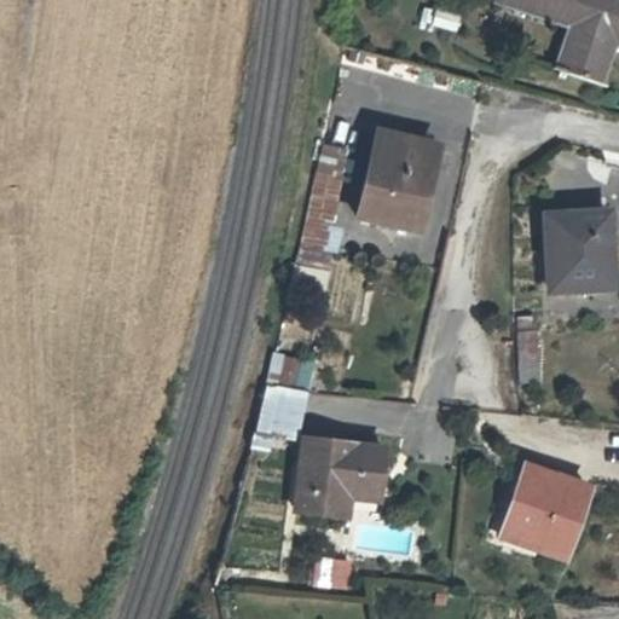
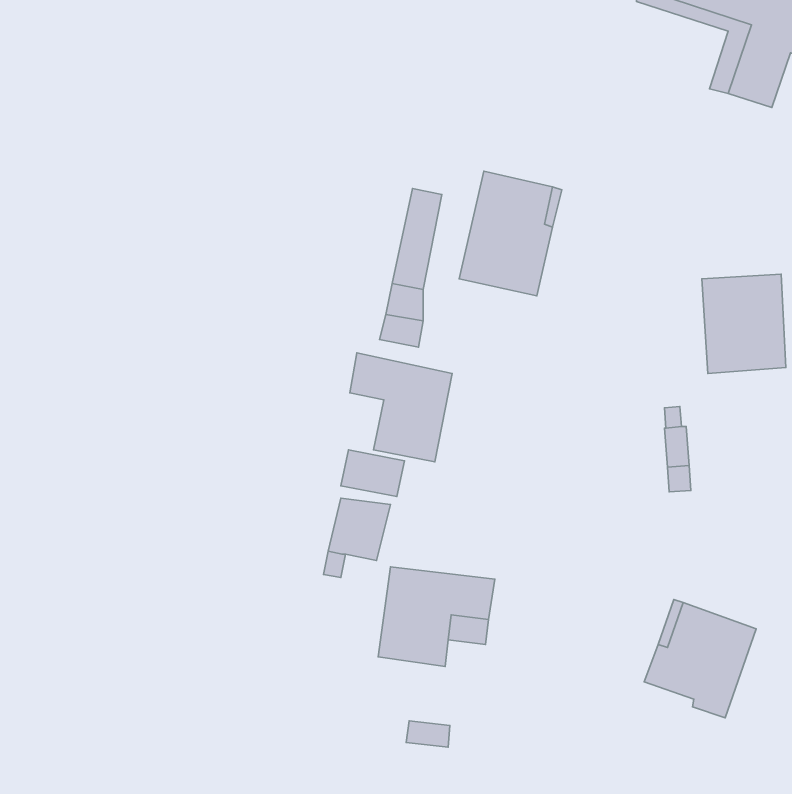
building: none -> [350,353,452,462]

